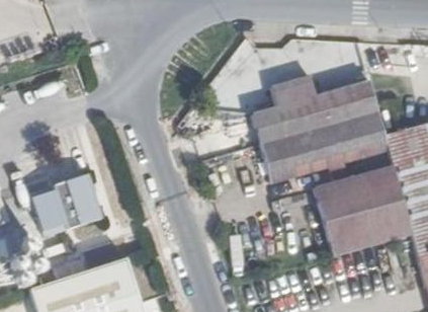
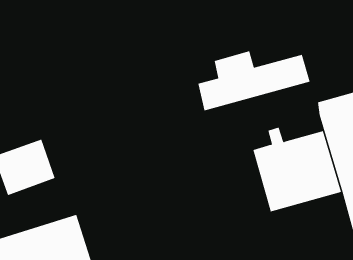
building: [262,112,389,181] -> none

